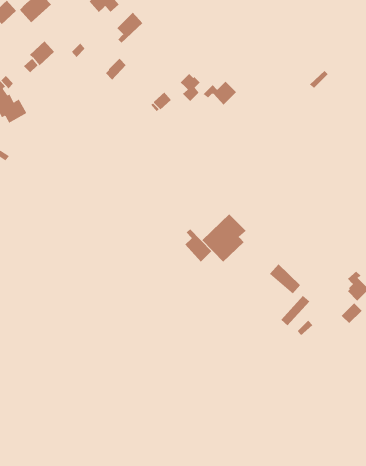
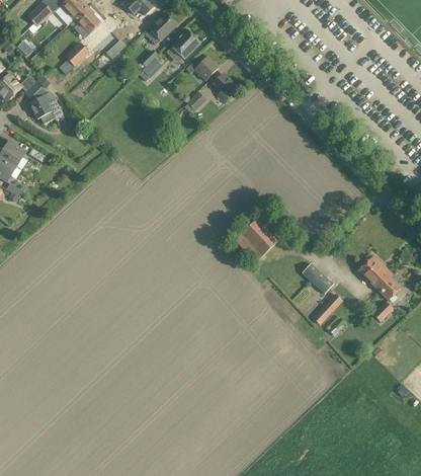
building: none -> [70,7,101,38]
building: none -> [166,29,199,64]
building: [203,81,237,105] -> [185,56,219,80]
building: [184,229,212,262] -> none
building: none -> [358,255,388,290]

